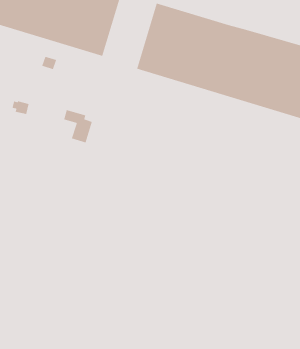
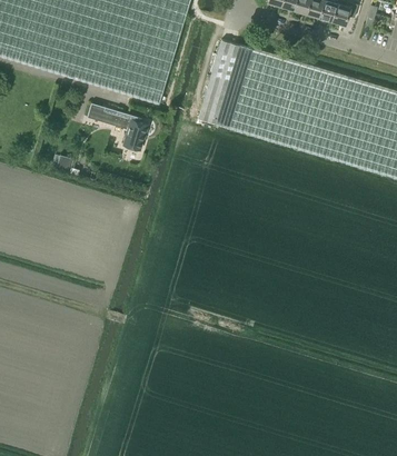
building: [63,109,93,144] -> [113,109,148,149]

